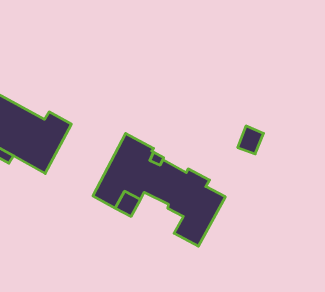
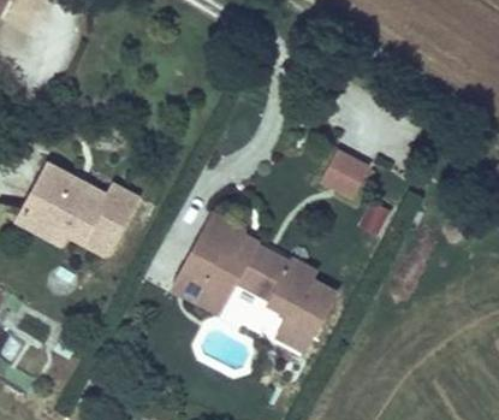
building: none -> [316,146,369,197]

